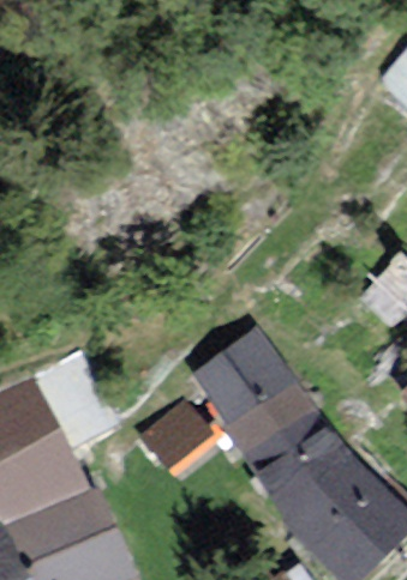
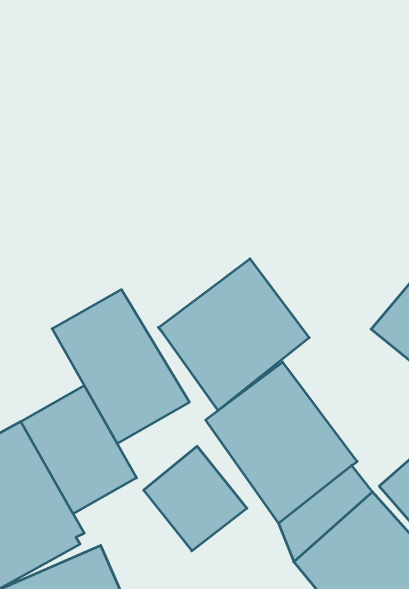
building: none -> [158,259,309,411]
building: none -> [52,290,189,444]

